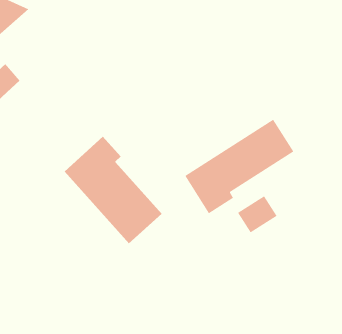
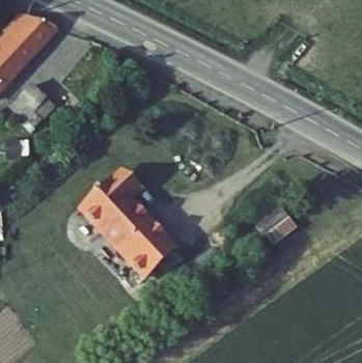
building: [185,119,294,214] -> none

